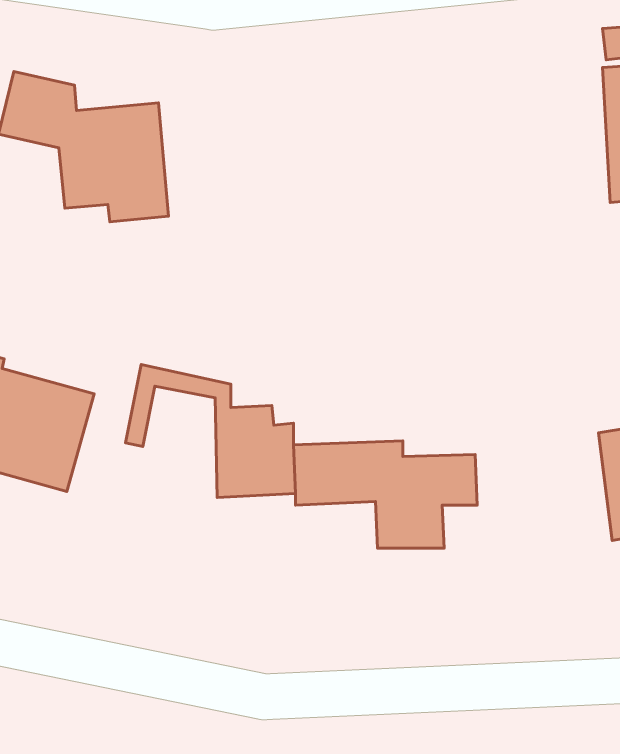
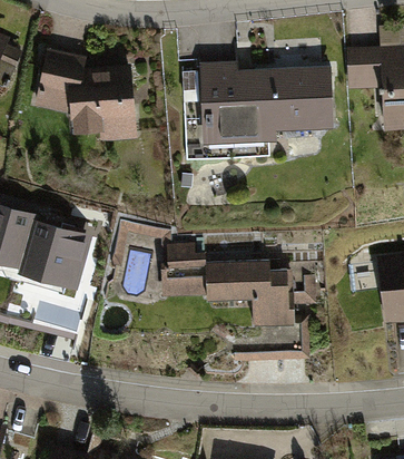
building: none -> [347,50,384,88]
building: none -> [203,66,328,138]

